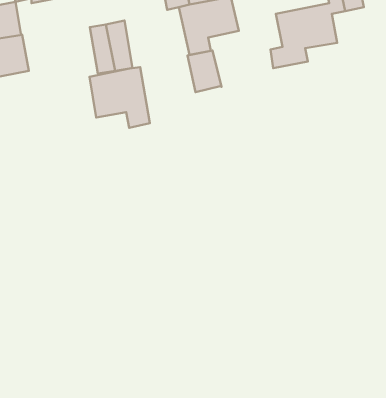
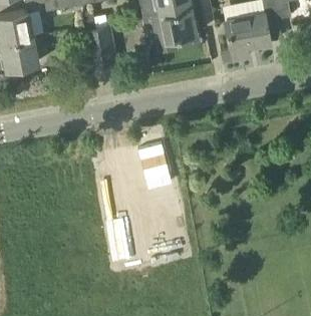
building: [187,51,222,92] -> none
building: [89,67,150,128] -> none

